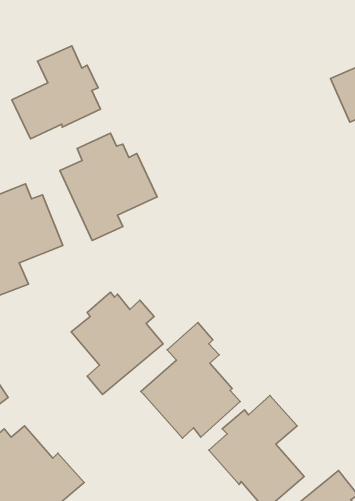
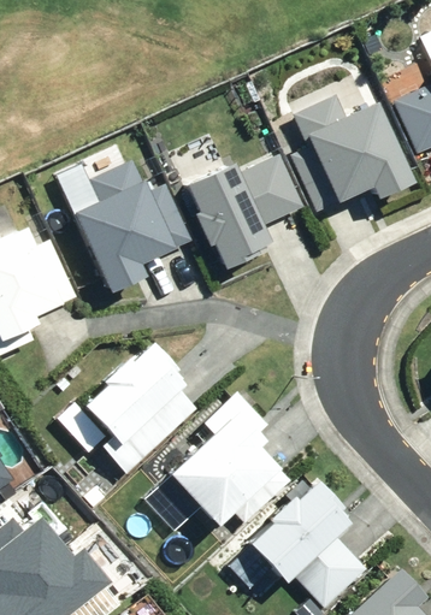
building: [12,46,101,139] -> none
building: none -> [291,79,418,205]
building: none -> [185,156,306,267]

